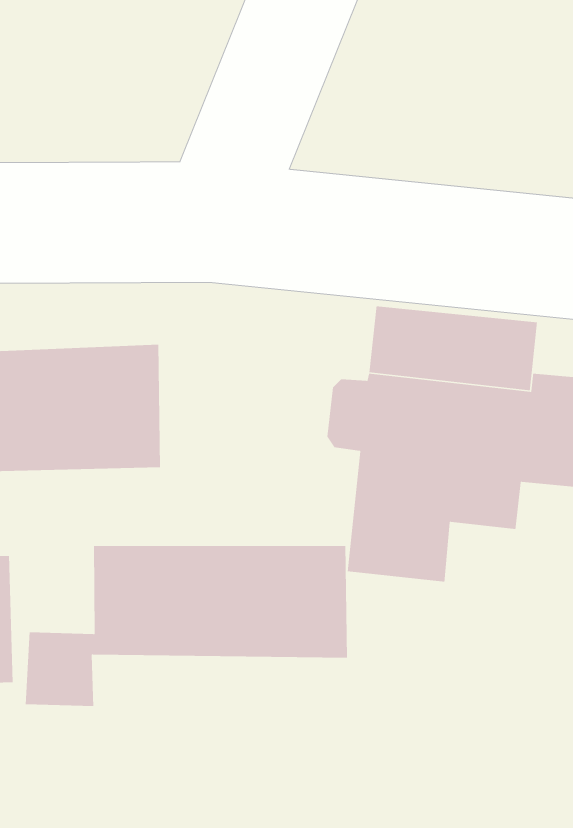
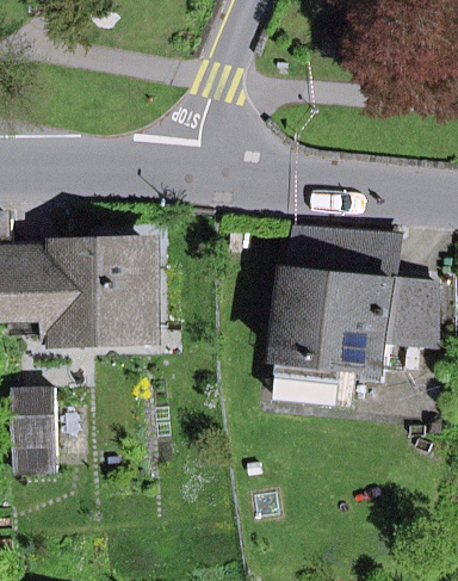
building: [25,545,348,707] -> none

